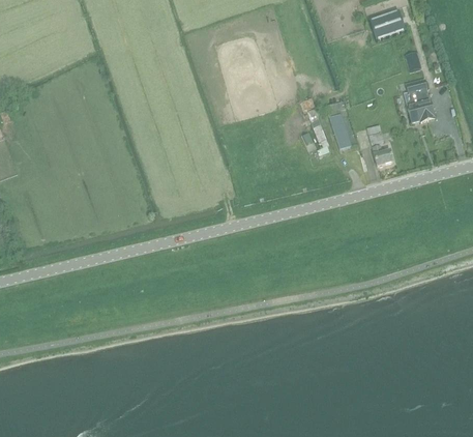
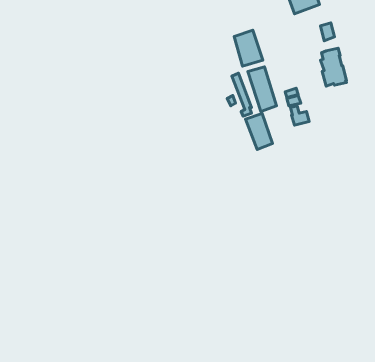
building: none -> [234,30,263,66]
building: none -> [246,113,273,150]

